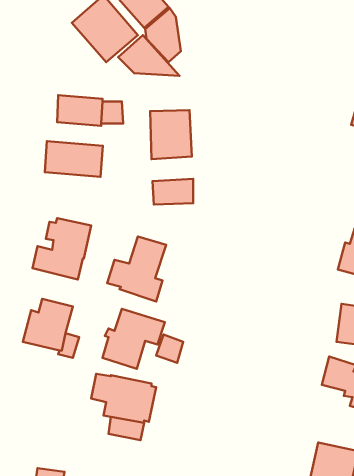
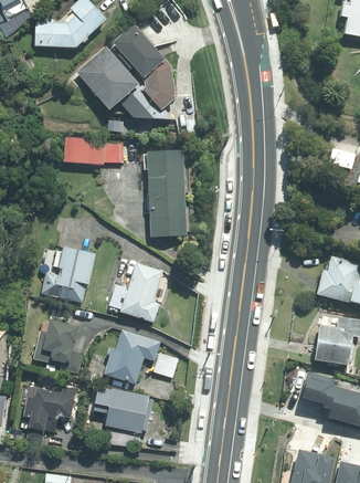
building: [45,141,103,177] -> none
building: none -> [149,192,187,214]
building: none -> [23,388,76,440]

